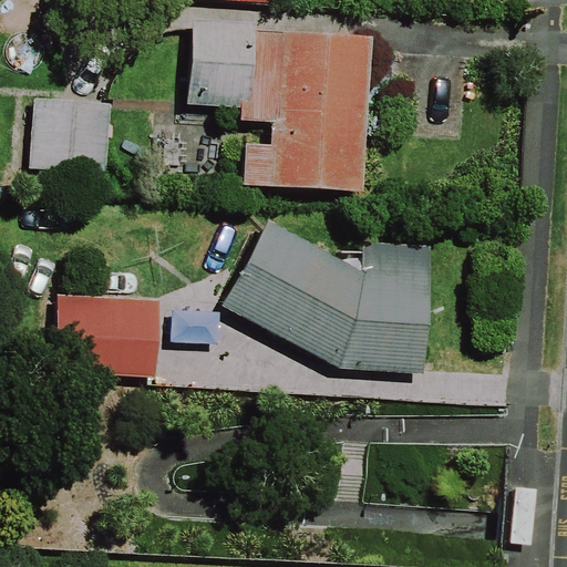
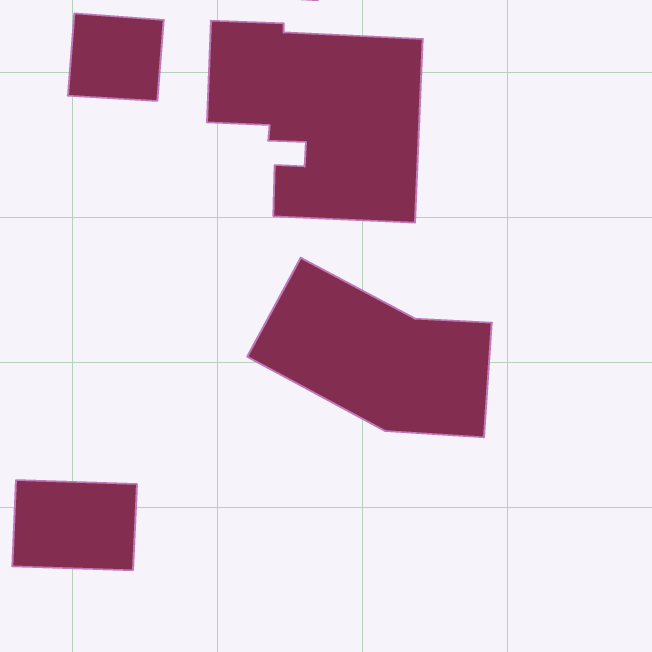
building: [32,94,114,168] -> [68,14,164,101]
building: [54,293,161,370] -> [12,480,137,570]

